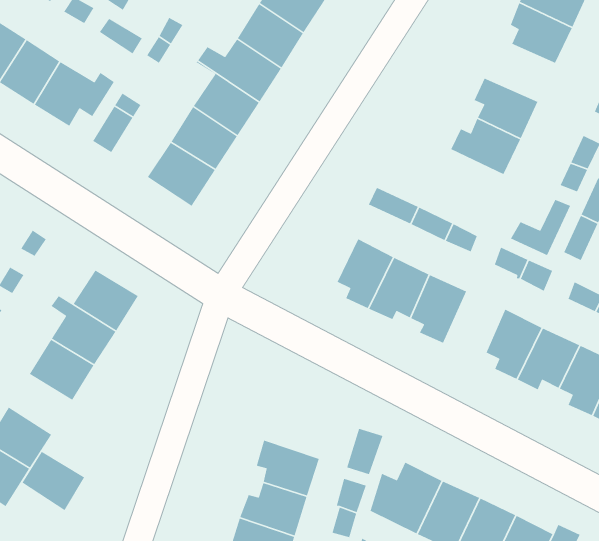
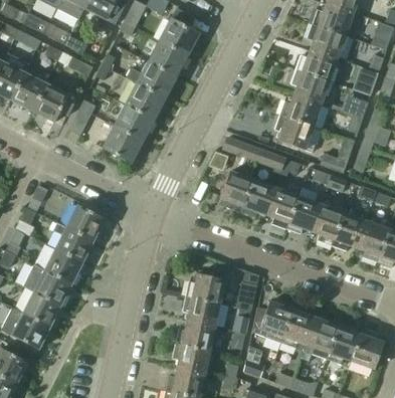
building: none -> [295,49,337,81]
building: none -> [274,115,313,150]
building: none -> [286,197,321,234]
building: none -> [186,273,226,304]
building: [21,451,85,511] -> [34,270,71,305]

